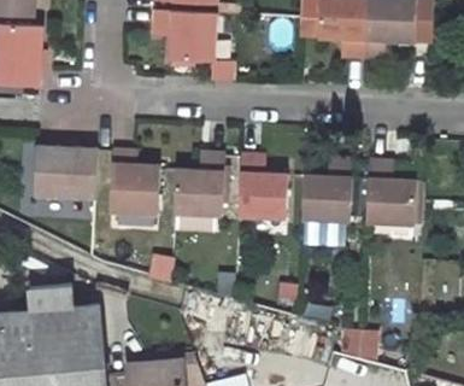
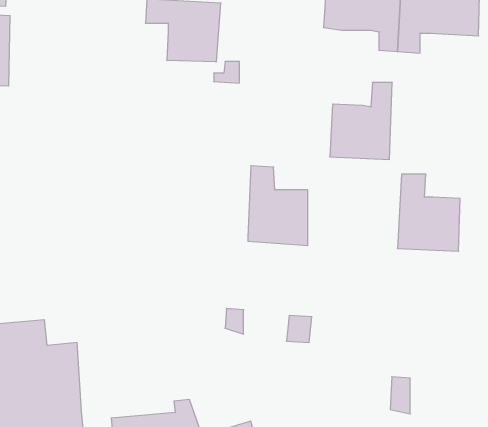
building: [39,147,100,199] -> none
building: [112,151,163,216] -> none
building: [176,153,228,232] -> none
building: [305,158,358,223] -> [330,83,392,160]

